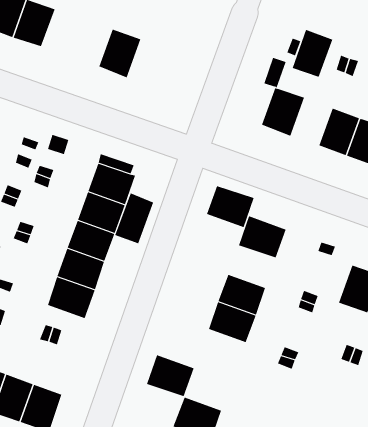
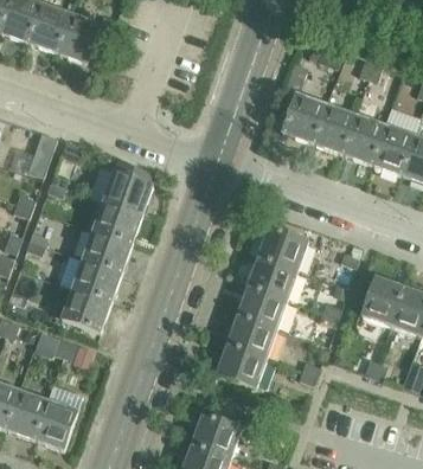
building: [99,29,141,78] -> [56,12,100,63]
building: [292,29,333,77] -> [313,103,355,153]
building: [206,185,255,228] -> [248,256,297,300]
building: [115,193,154,244] -> none
building: [146,354,194,397] -> [217,342,267,386]

